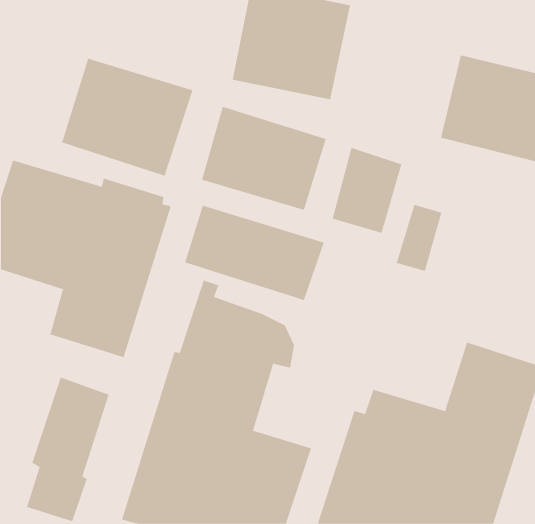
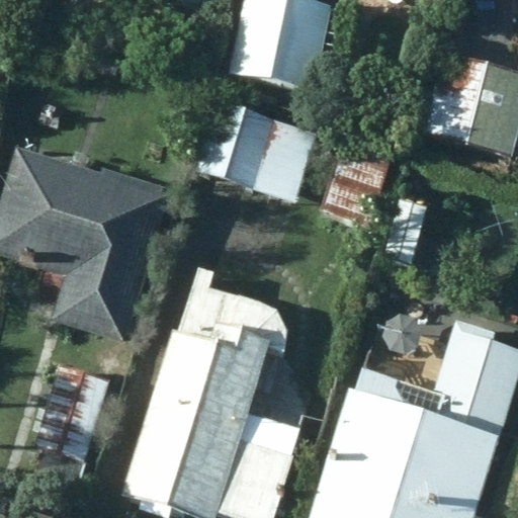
building: [62,58,193,176] -> none
building: [185,205,324,301] -> none

